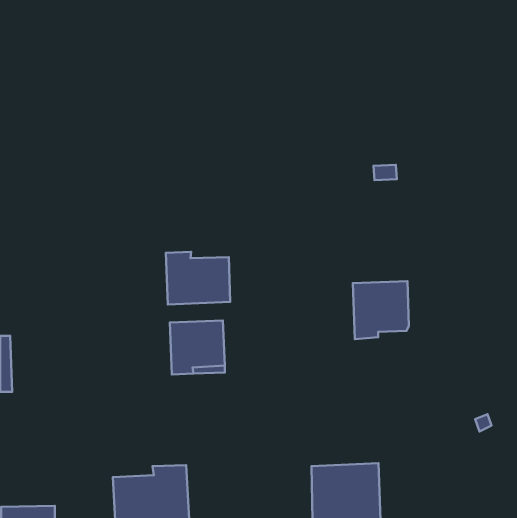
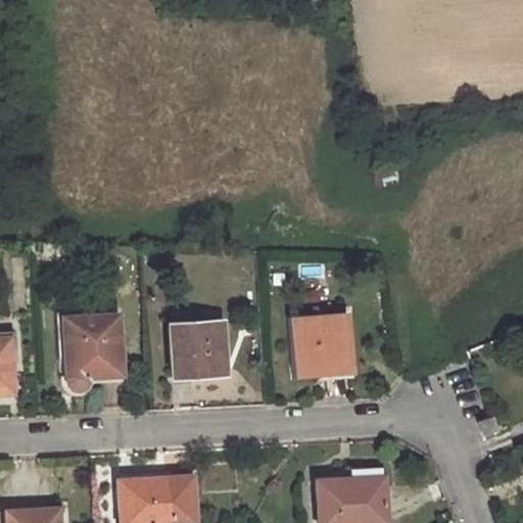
building: [166,252,230,304] -> none
building: [353,281,409,339] -> [295,321,351,379]
building: none -> [65,315,125,388]

